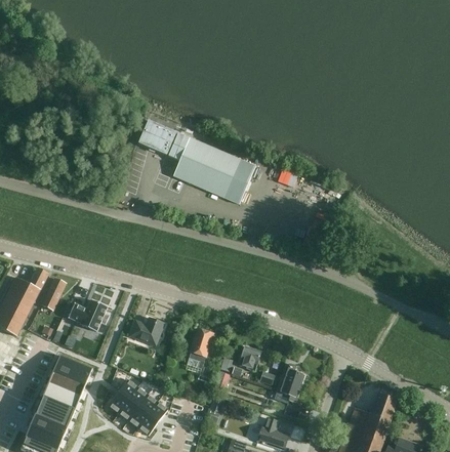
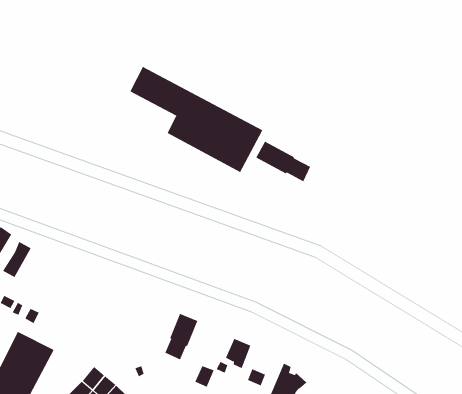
building: none -> [256,141,311,182]
building: [68,298,108,331] -> none
building: [128,318,164,345] -> none

